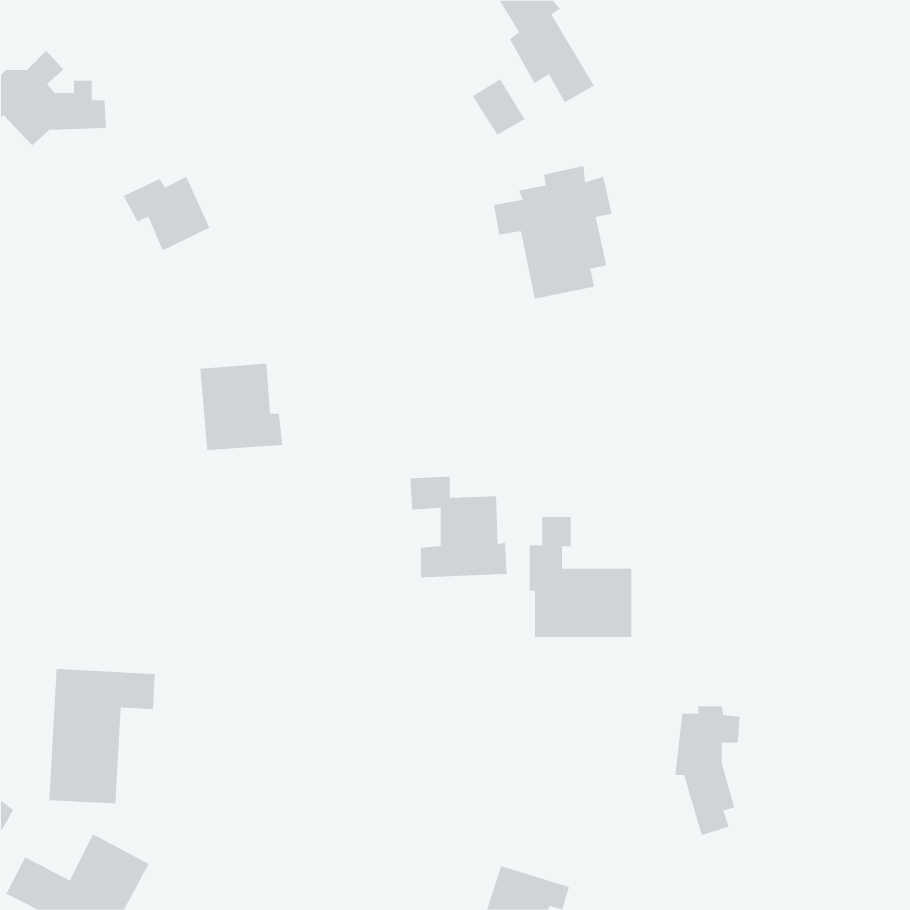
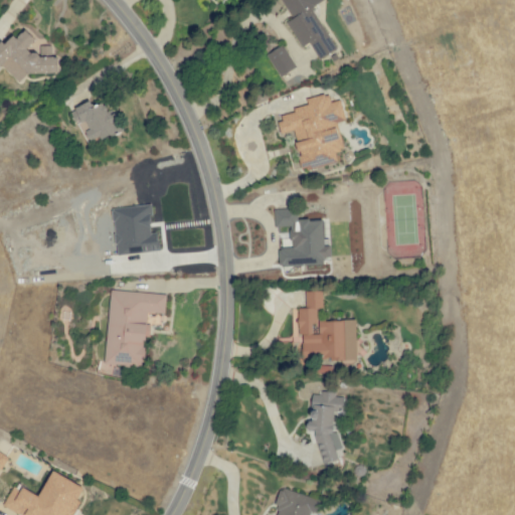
building: [410,476,508,578] -> [274,208,329,266]
building: [49,669,155,804] -> [106,291,166,367]
building: [674,706,740,836] -> [308,391,345,465]

